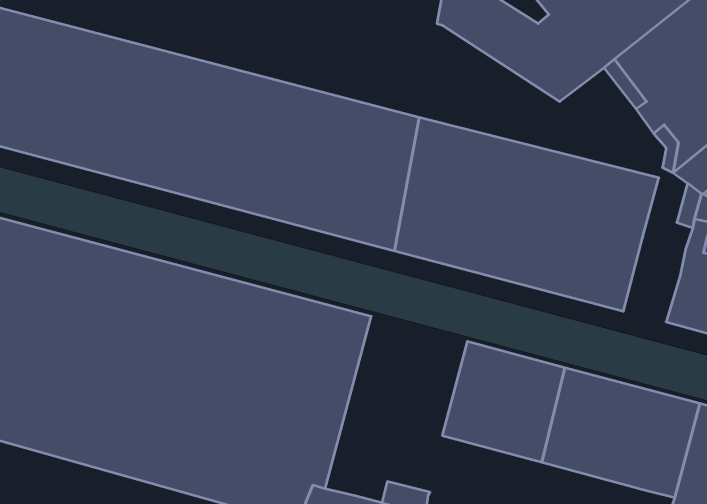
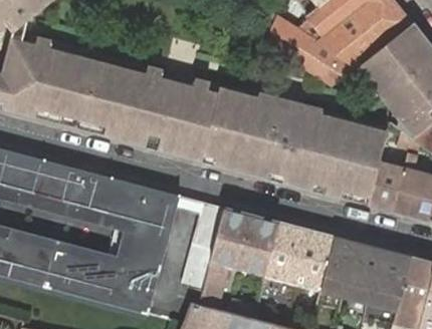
building: none -> [367,162,402,211]
building: none -> [198,208,278,309]

